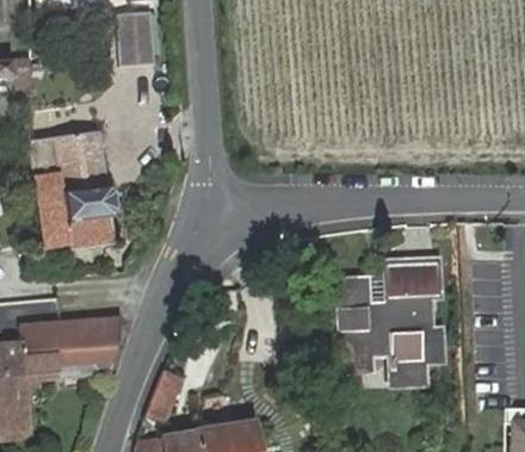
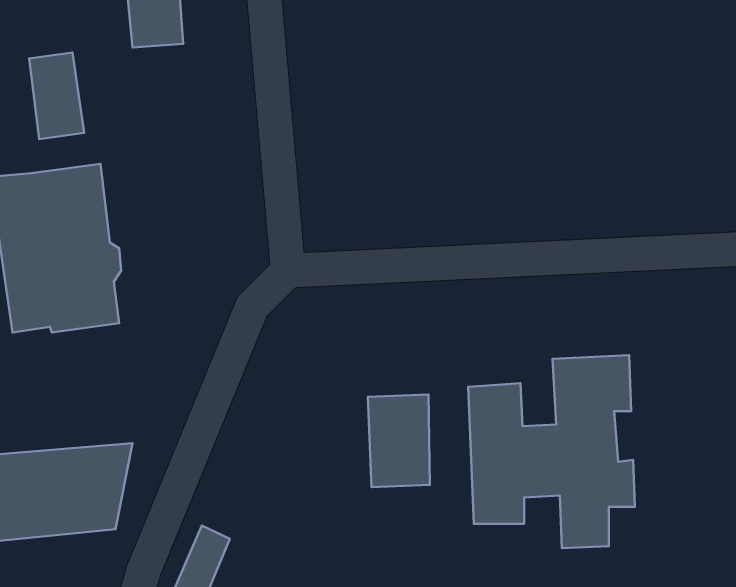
building: none -> [29,52,84,139]
building: none -> [368,395,430,487]

